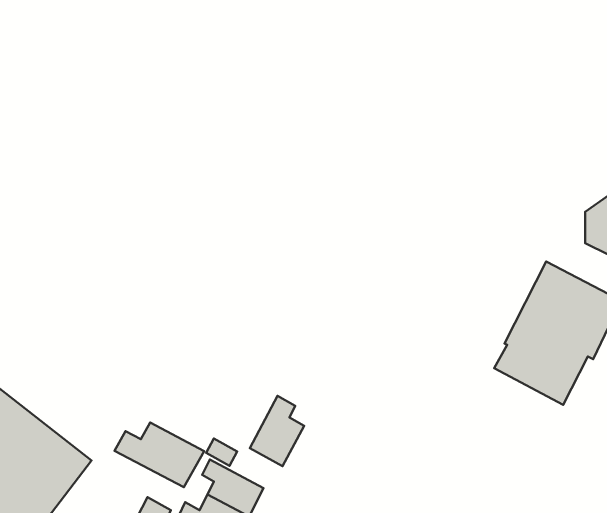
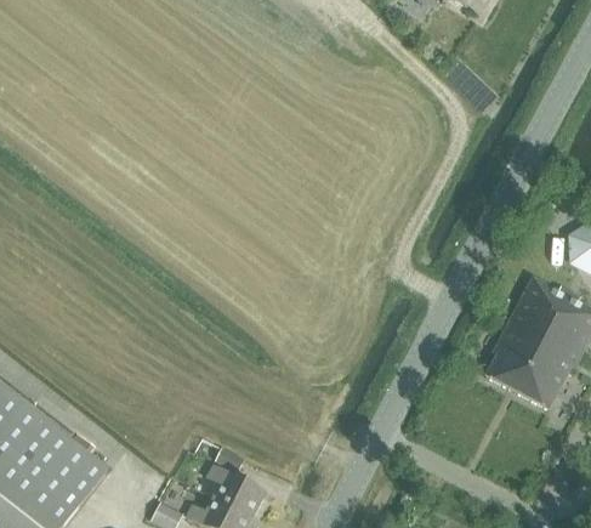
building: [250,396,304,466] -> none
building: [114,423,204,487] -> none

